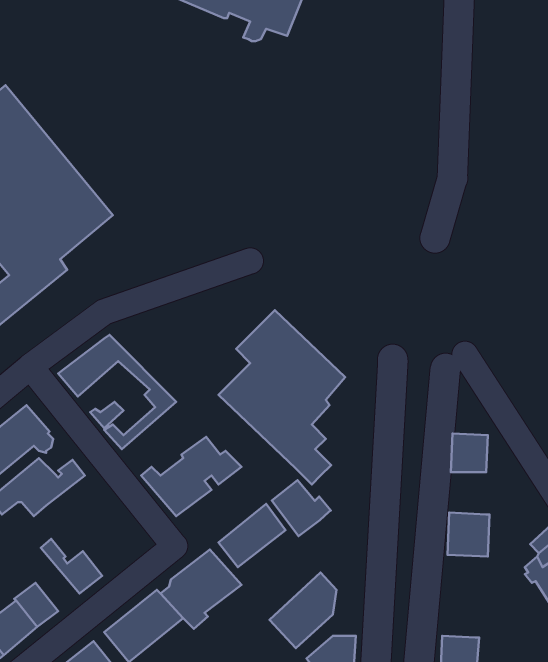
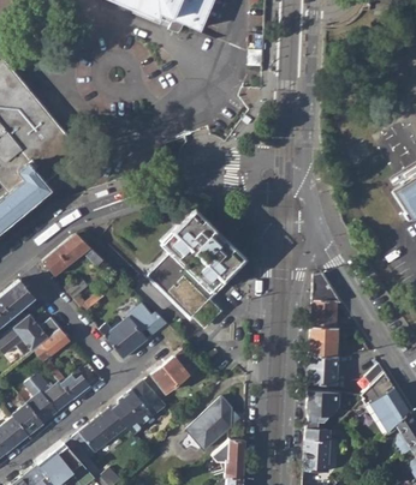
building: none -> [311,273,340,303]
building: none -> [309,328,337,357]
building: none -> [34,330,89,399]
building: [272,480,331,536] -> none
building: none -> [24,379,57,423]
building: none -> [304,391,339,441]

